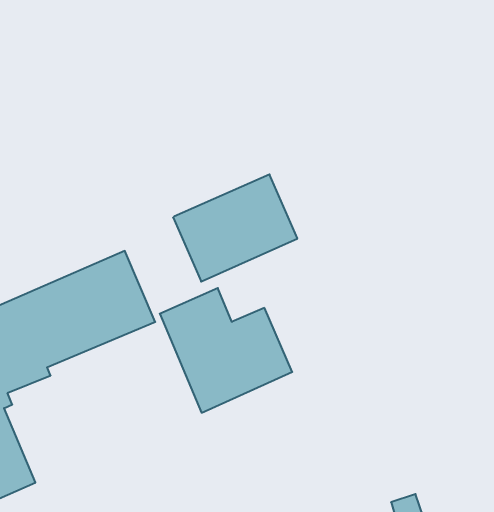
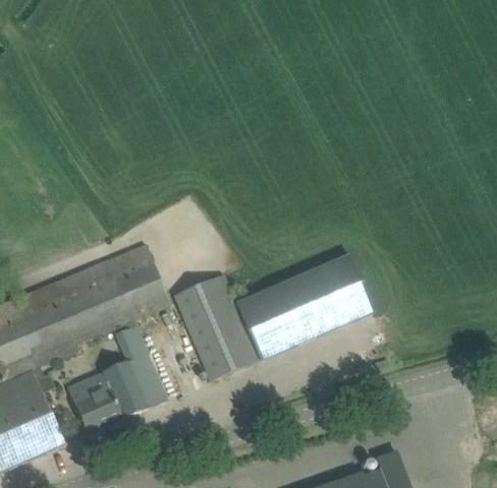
building: [173,174,297,282] -> [265,253,374,347]
building: none -> [68,324,167,434]

